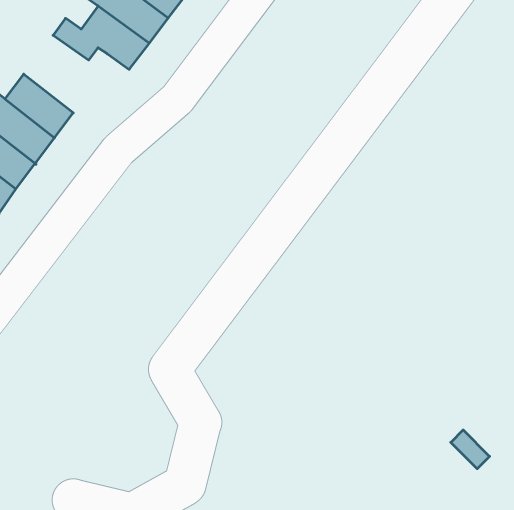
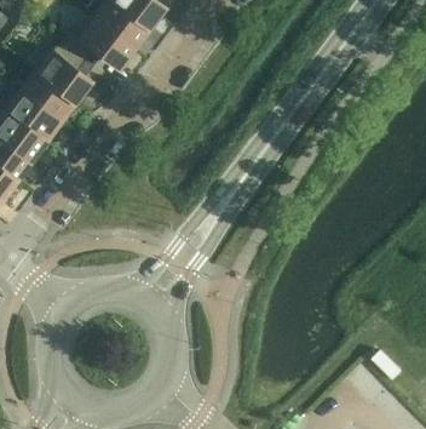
building: none -> [38,40,92,101]

